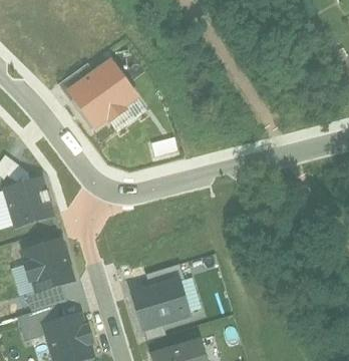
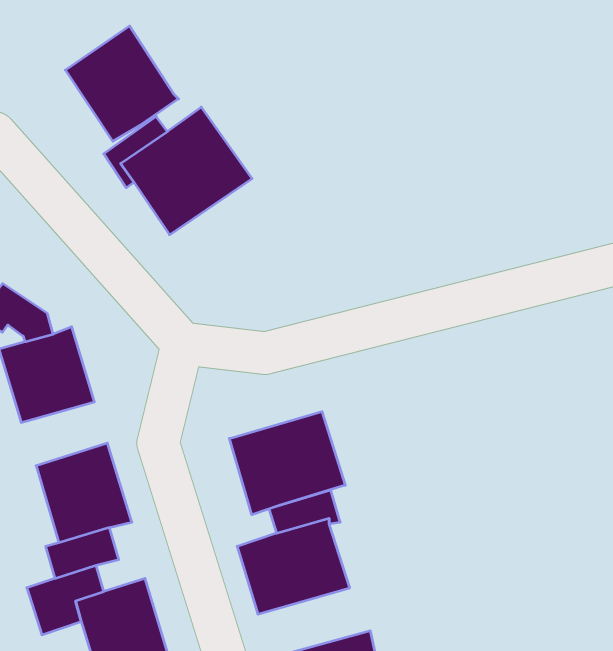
building: none -> [65,26,179,141]
building: none -> [229,412,345,515]

